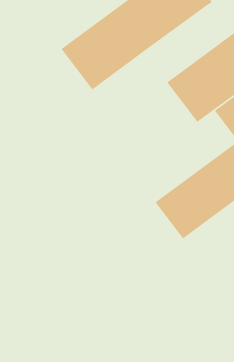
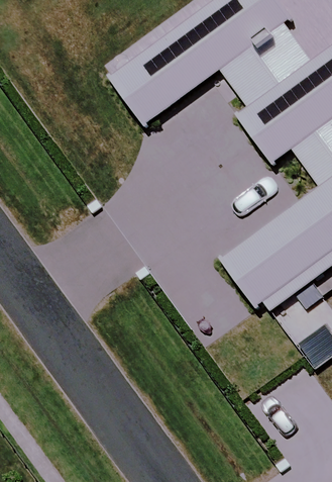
building: none -> [218,20,311,105]

